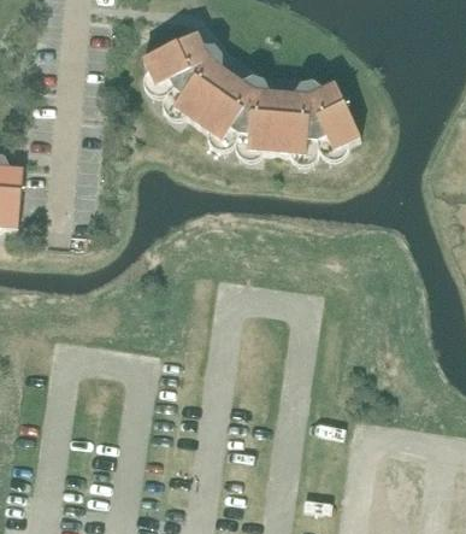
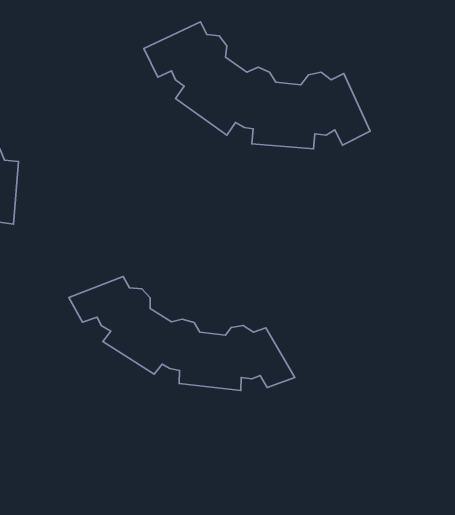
building: none -> [69,277,295,391]

